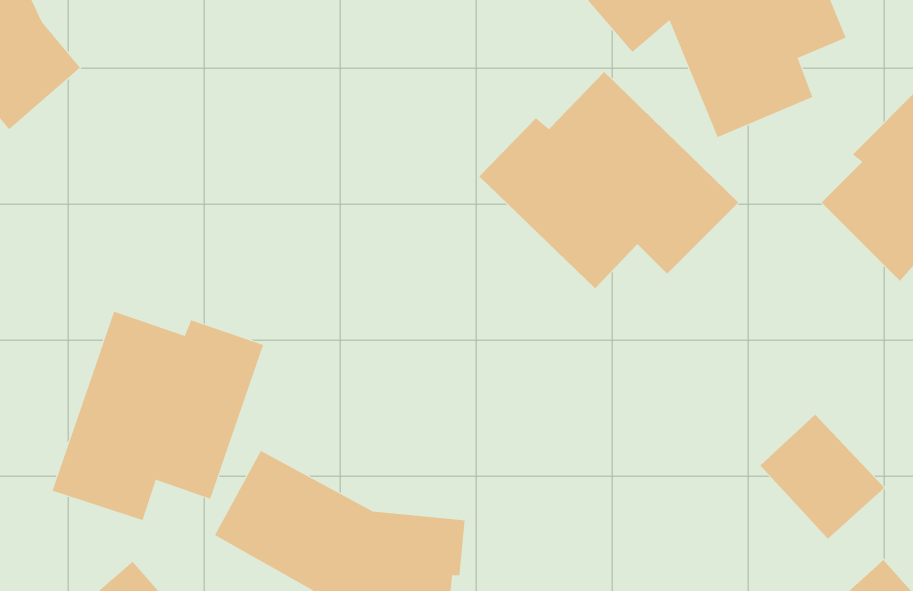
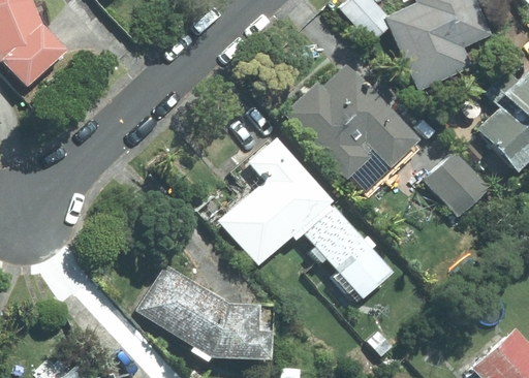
building: none -> [212,136,395,306]
building: [52,311,264,521] -> none
building: [760,414,885,540] -> [422,147,492,217]

